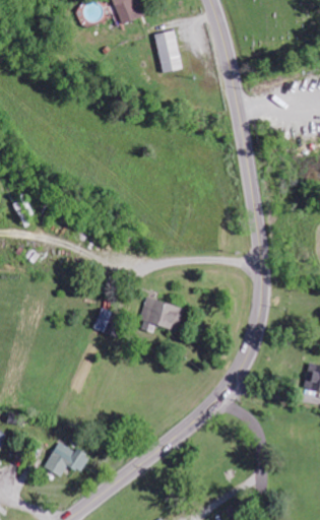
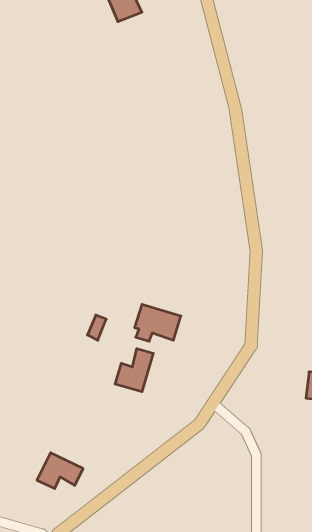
building: [154,30,183,73] -> none
building: none -> [115,349,153,392]

